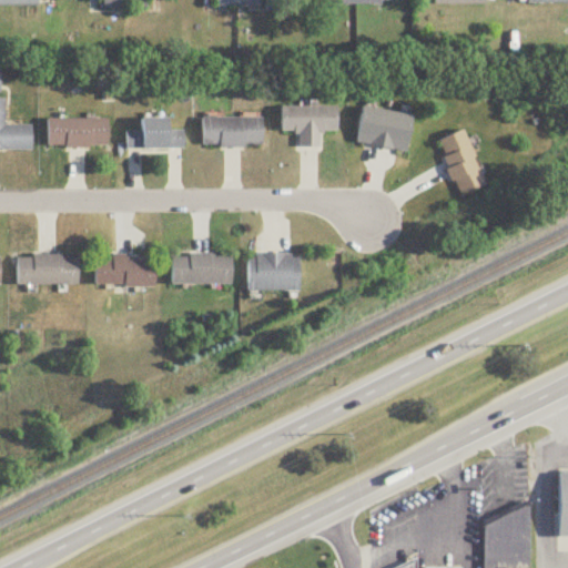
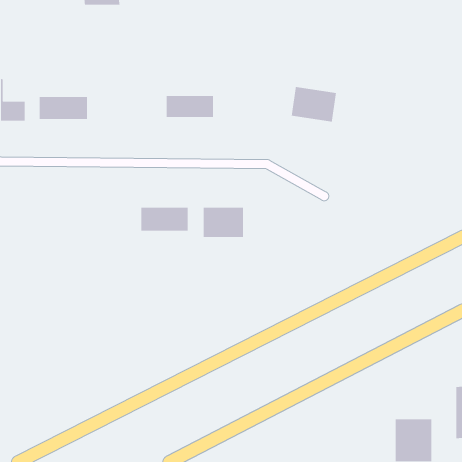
building: [282,105,338,146] -> none
building: [128,118,184,148] -> none
building: [437,129,487,195] -> none
building: [19,254,79,283] -> none
building: [97,254,155,285] -> none

